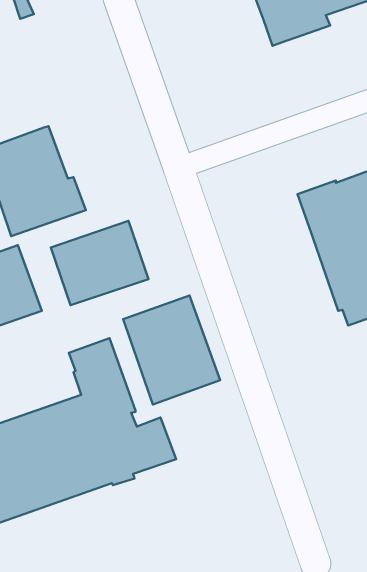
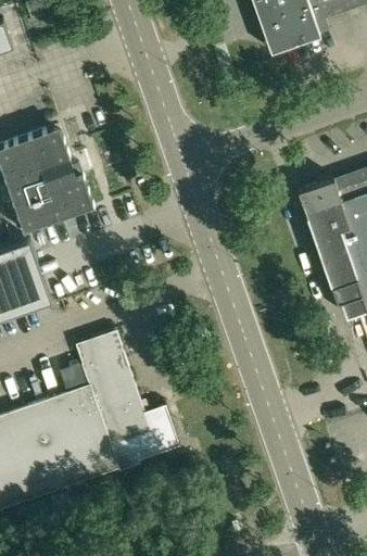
building: [51,221,149,305] -> none
building: [123,295,220,404] -> none

